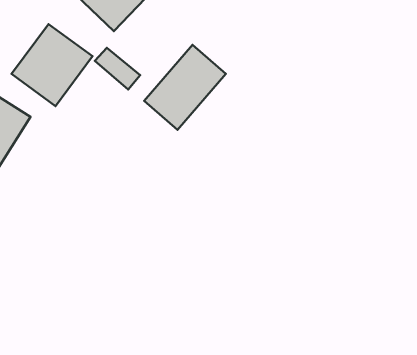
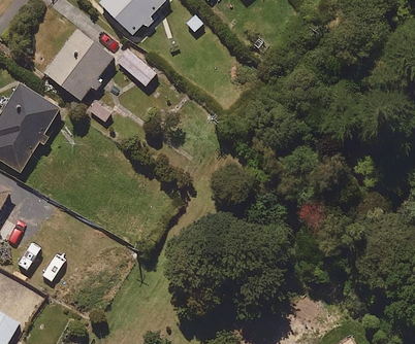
building: [144,45,226,130] -> none

